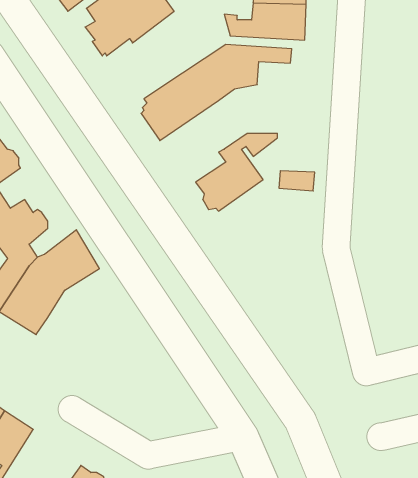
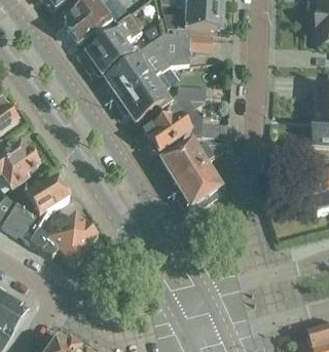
building: none -> [86,12,142,74]
building: none -> [117,73,202,121]
building: none -> [160,139,225,207]
building: none -> [29,212,97,264]

